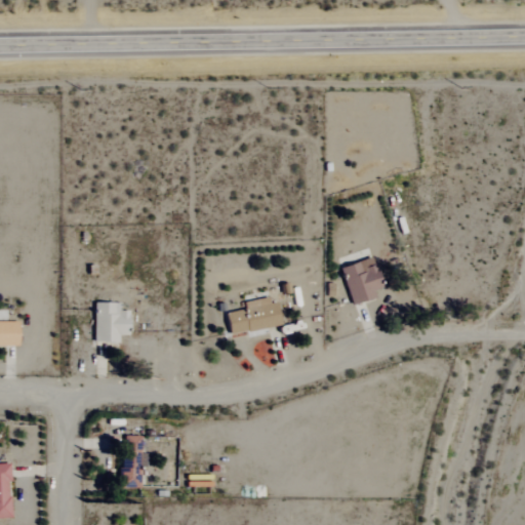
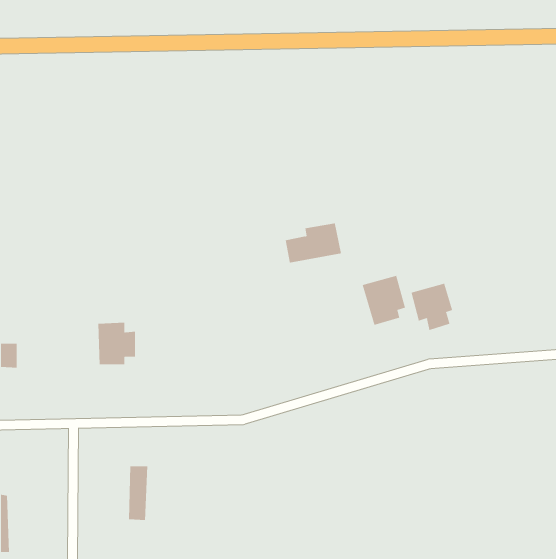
building: none -> [411,283,453,331]
building: [228,296,281,334] -> [285,223,342,263]

